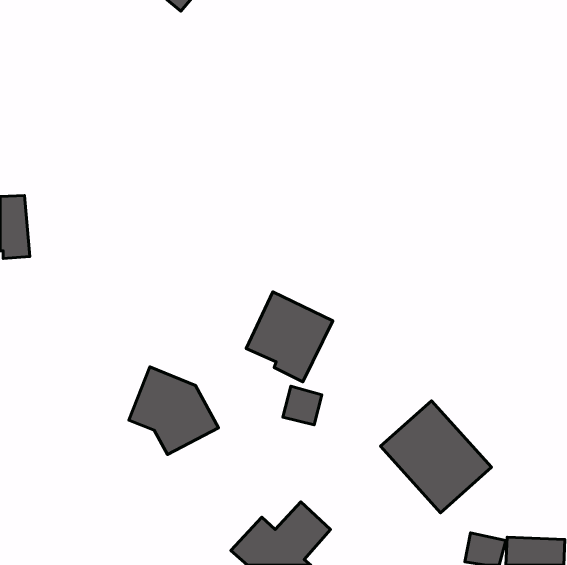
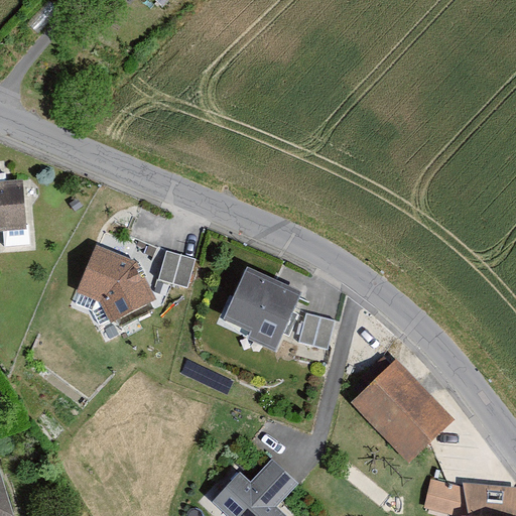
building: none -> [158,249,196,284]
building: [129,367,219,454] -> [77,243,158,322]
building: [283,386,322,425] -> [299,317,335,353]

